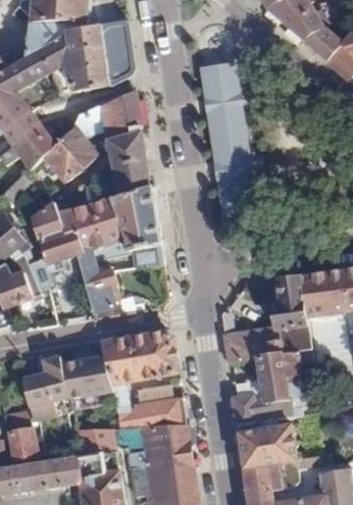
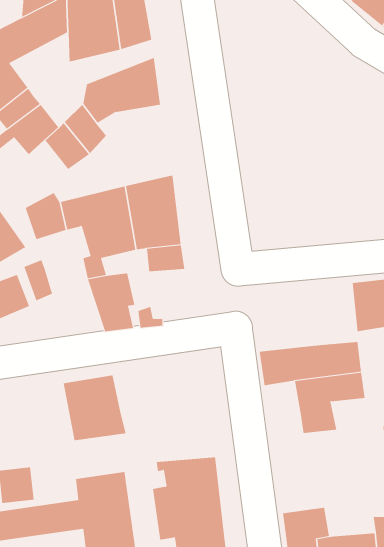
building: [201,60,259,221] -> none
building: [104,128,152,195] -> none
building: [38,229,83,264] -> none
building: [267,275,306,327] -> none
building: [101,330,179,385] -> none
building: [22,354,70,420] -> none
building: [232,388,292,421] -> none
building: [117,396,188,426] -> none
building: [239,421,317,467] -> none

